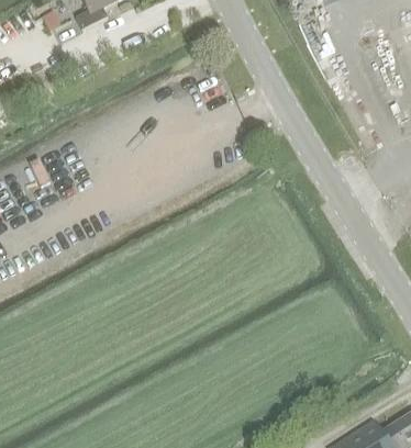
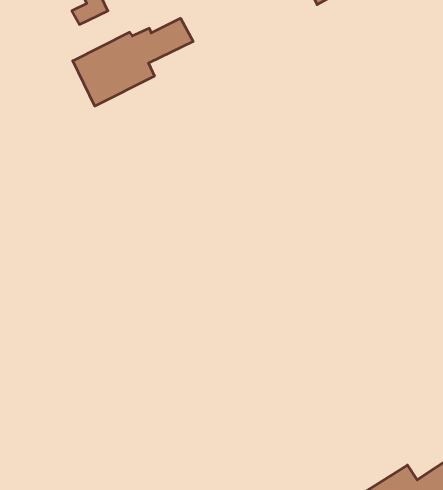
building: none -> [73,18,193,106]

